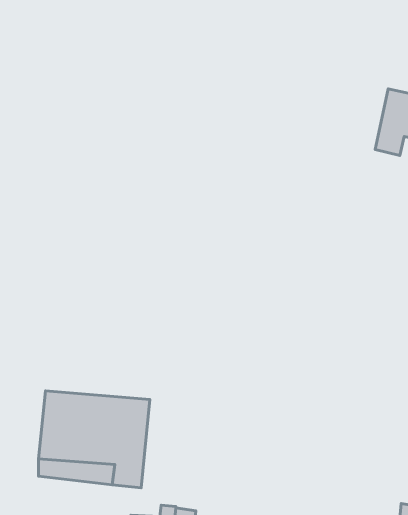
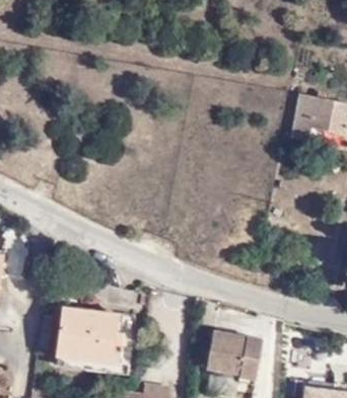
building: none -> [205,332,264,385]

